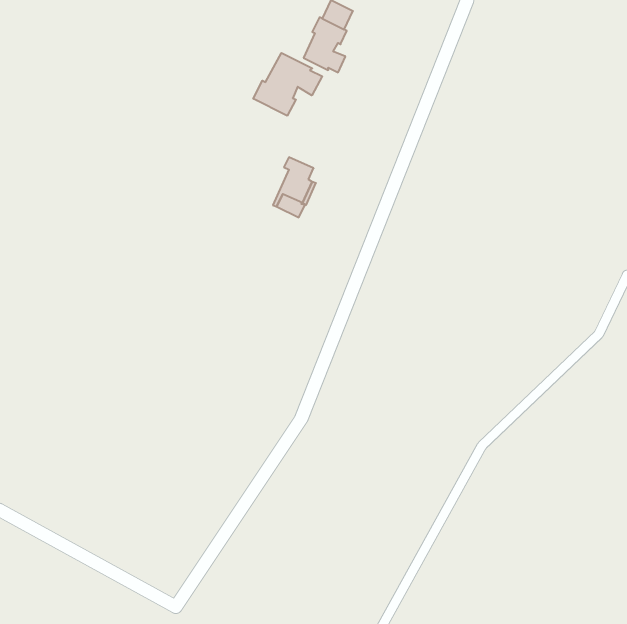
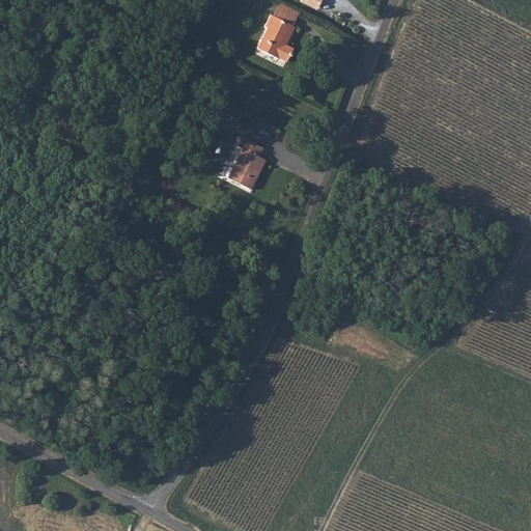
building: [253,53,322,116] -> none

